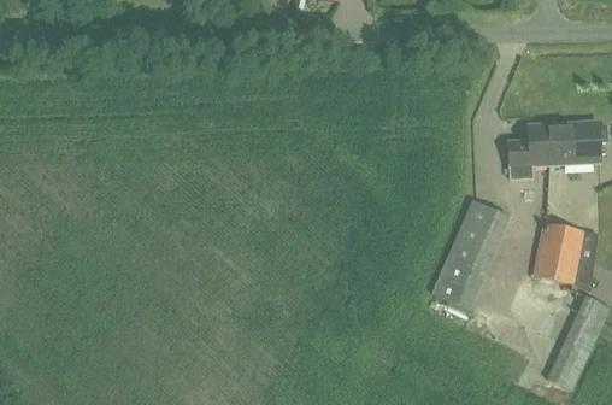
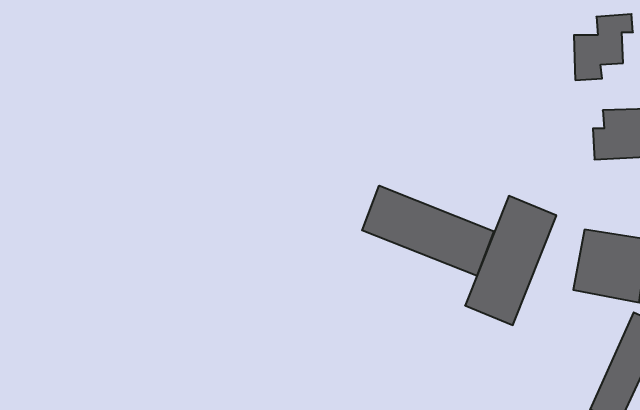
building: [506,122,557,178] -> [574,14,633,80]
building: none -> [362,186,494,276]

